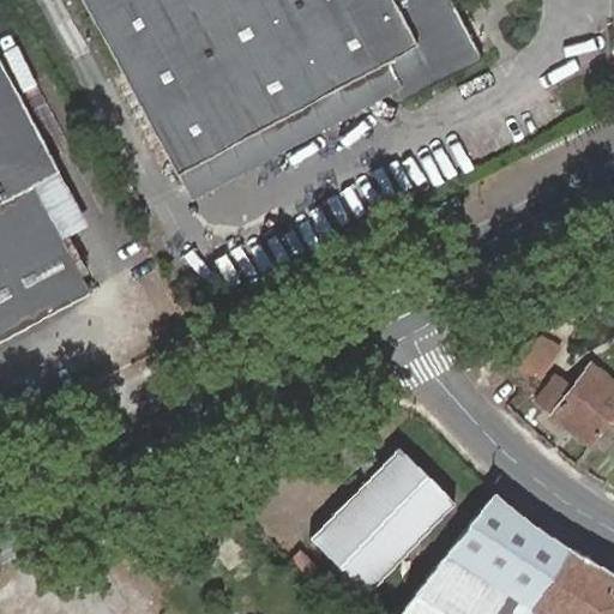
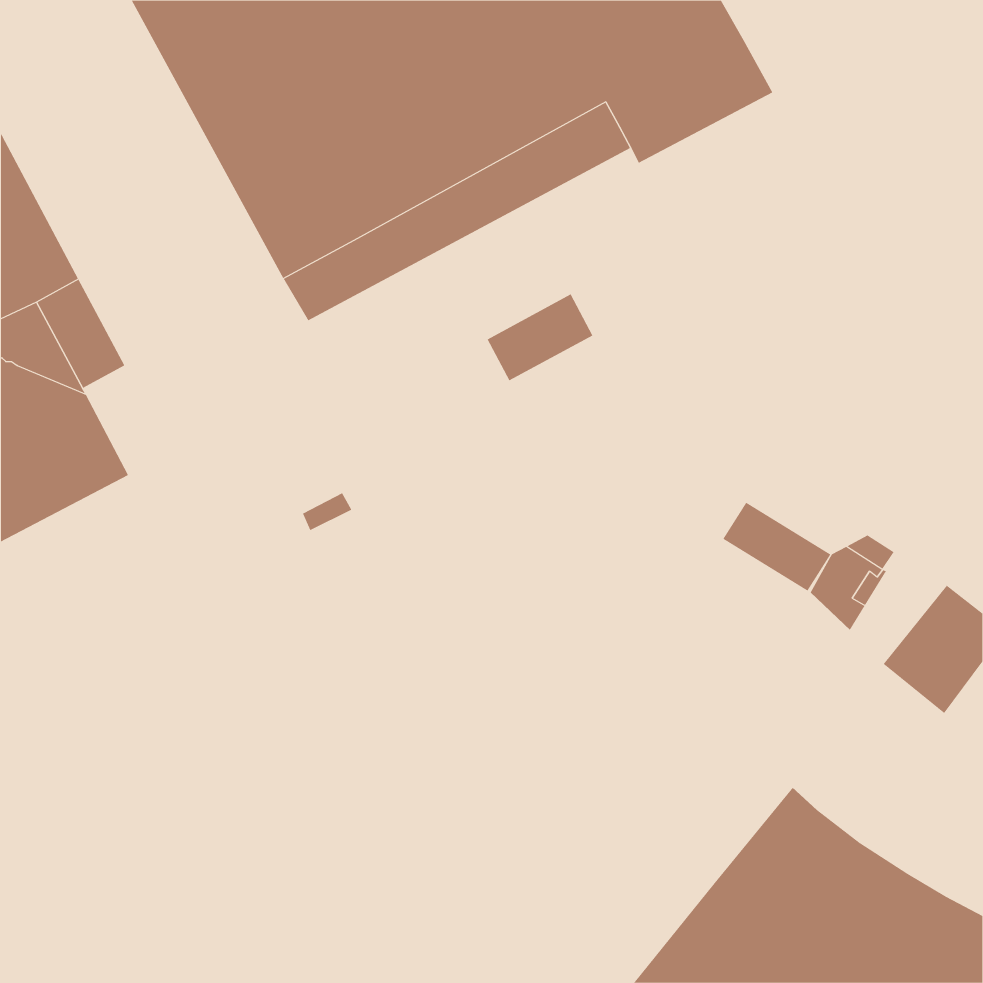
building: none -> [487,294,593,381]
building: none -> [722,502,831,592]
building: [313,450,463,597] -> none

